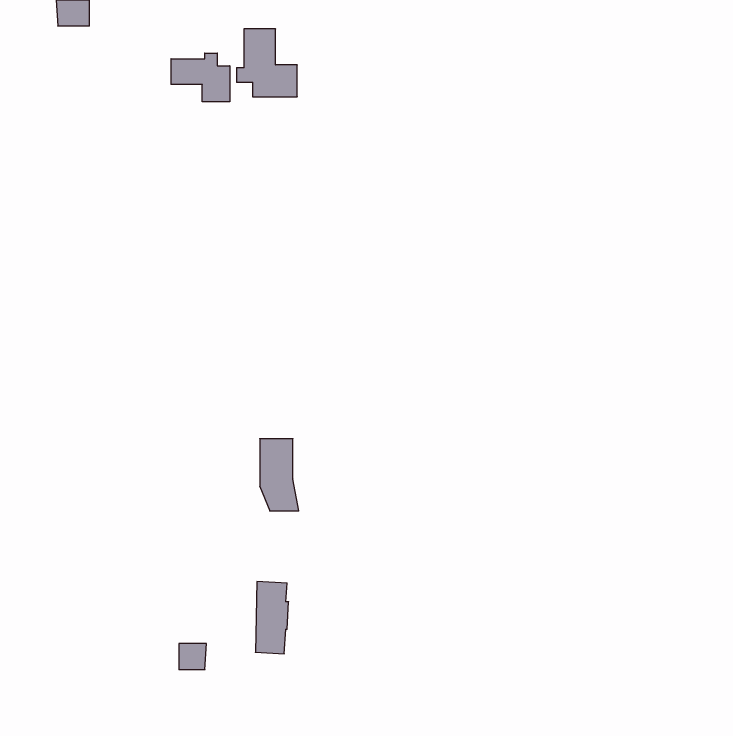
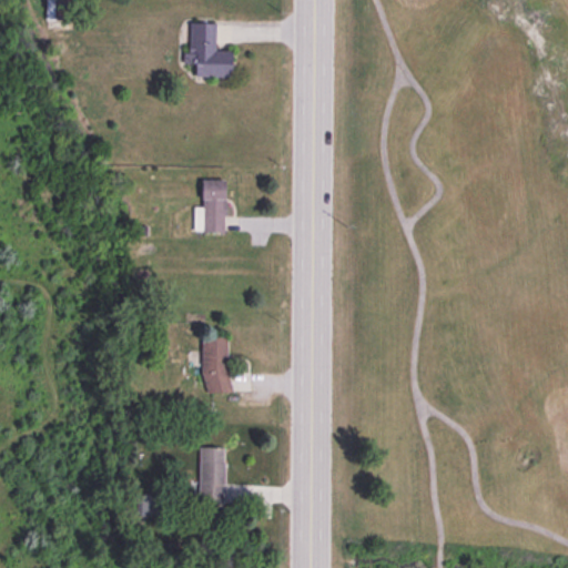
building: [171,53,230,102] -> none
building: none -> [195,182,227,231]

